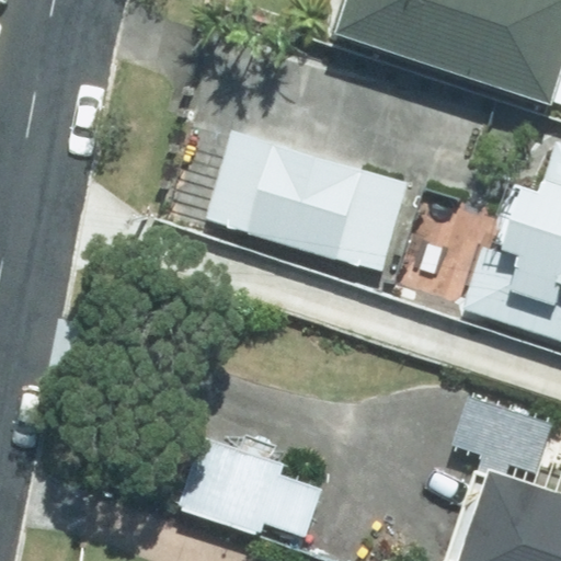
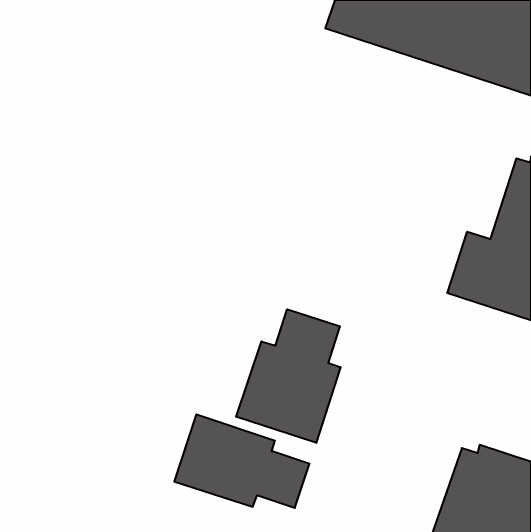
building: [208,131,412,274] -> none
building: none -> [236,309,341,443]

